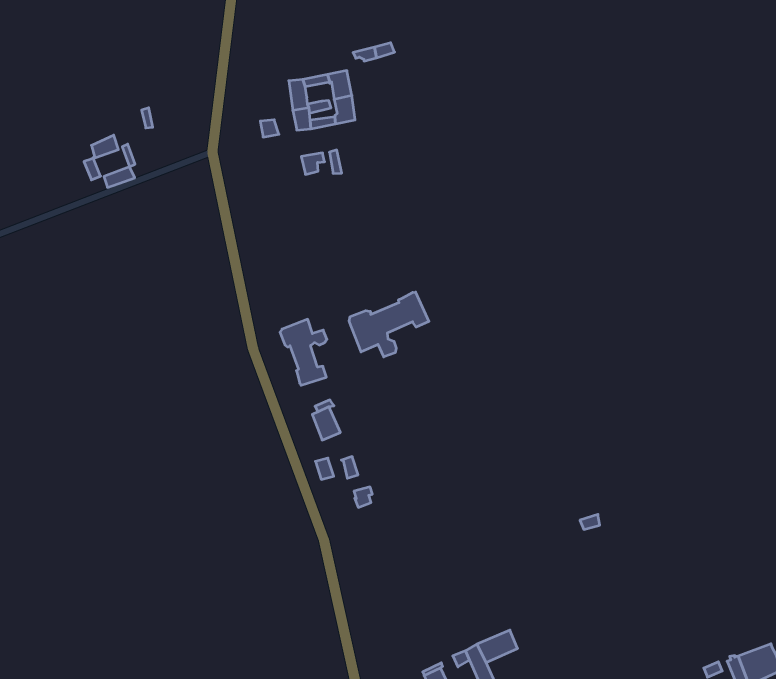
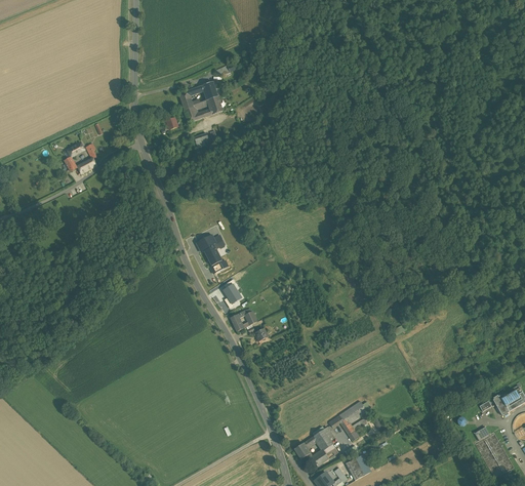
building: [349,292,429,357] -> none

